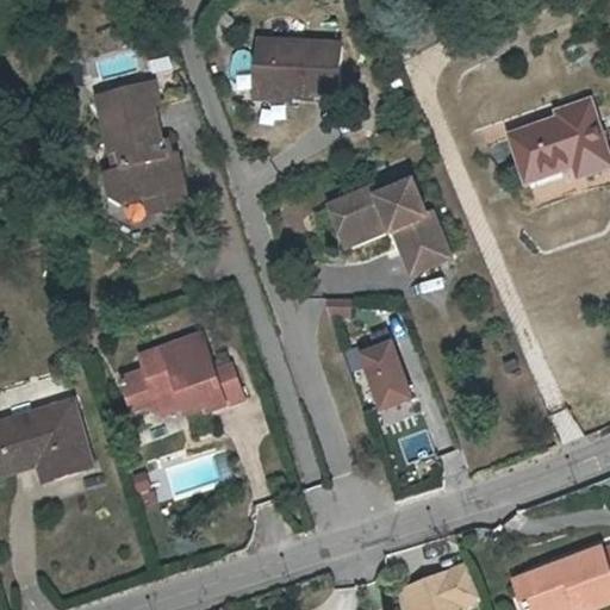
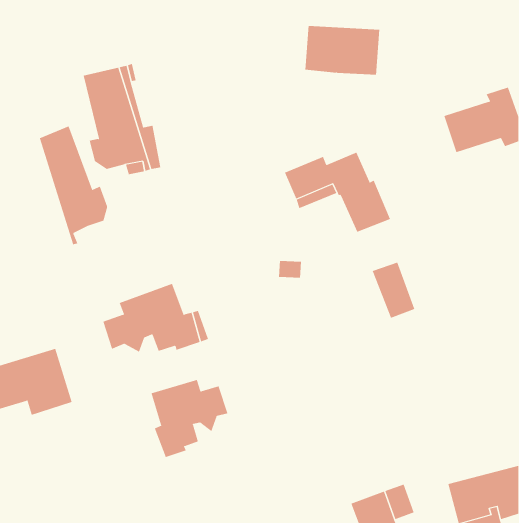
building: [254,38,341,95] -> [305,25,380,75]
building: none -> [39,125,108,245]
building: [356,342,406,407] -> [372,262,415,319]
building: none -> [151,379,228,458]

